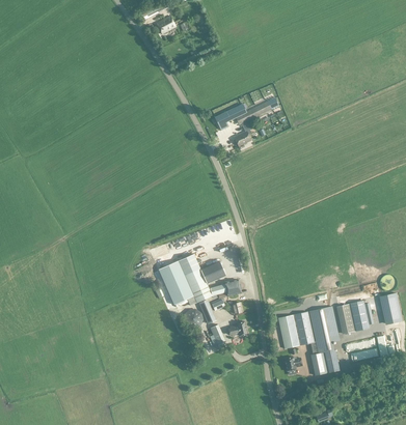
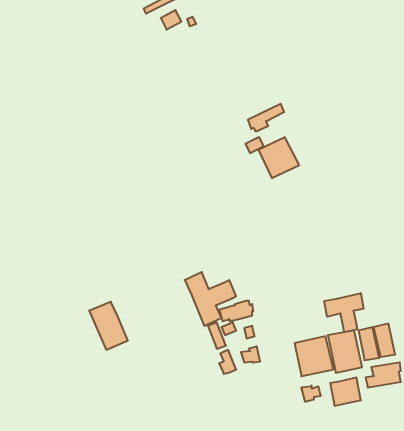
building: none -> [258,137,299,178]
building: [159,261,194,305] -> [89,302,128,350]
building: none -> [324,293,364,332]

